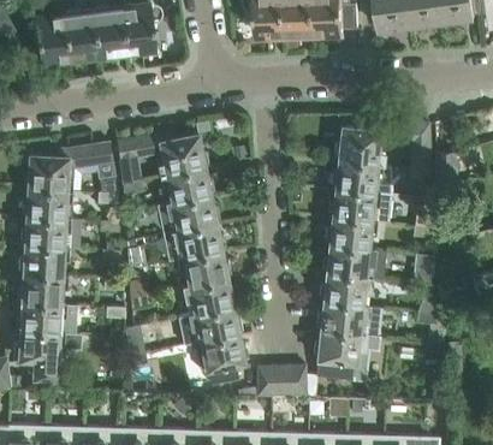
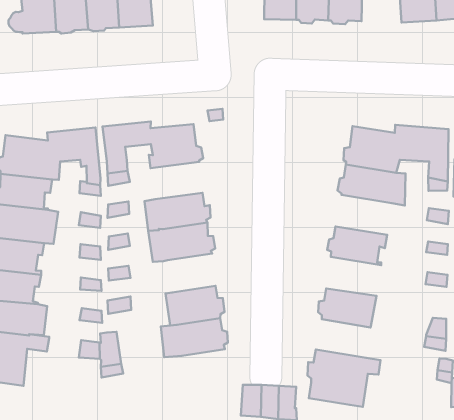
building: [158,168,214,207] -> none
building: [327,190,392,225] -> none
building: [322,247,386,280] -> none
building: [178,250,230,287] -> none
building: [316,303,382,337] -> none
building: [200,336,246,385] -> none

